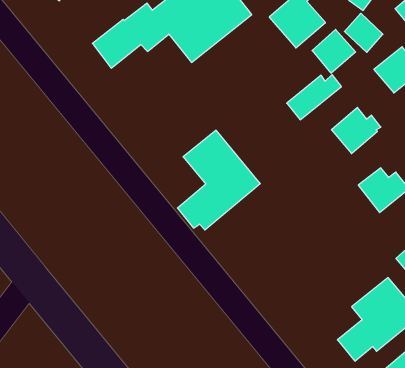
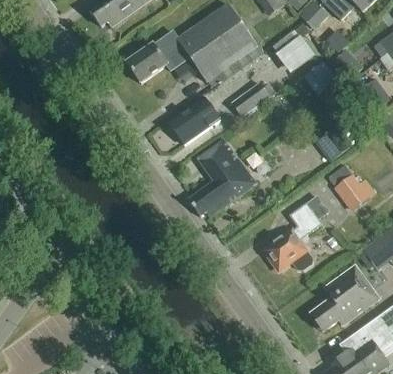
building: [287,75,341,120] -> [231,82,276,117]
building: none -> [169,98,219,143]
building: none -> [265,195,329,270]

